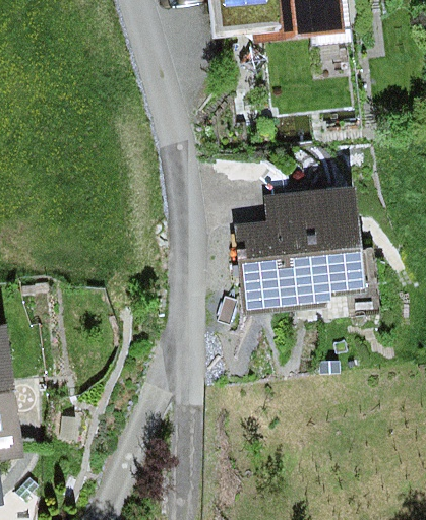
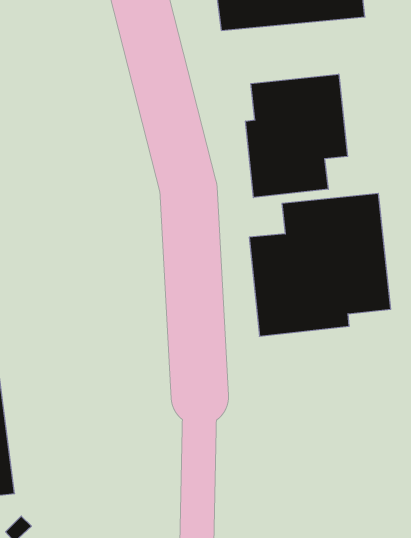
building: none -> [246,74,348,198]

